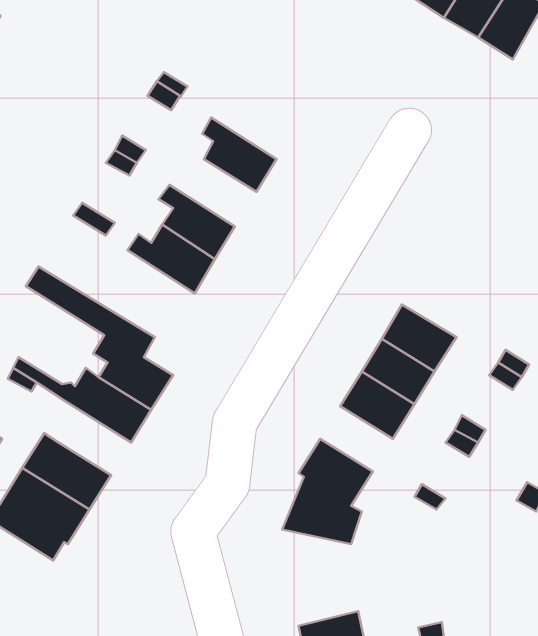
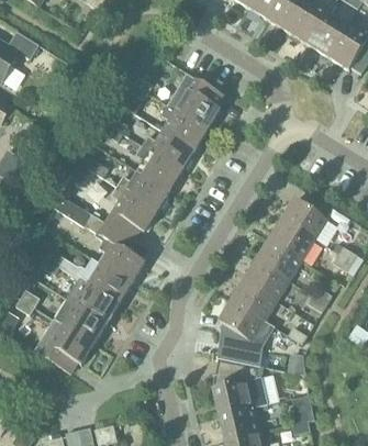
building: none -> [167,76,221,131]
building: none -> [142,131,194,171]
building: none -> [104,186,157,239]
building: none -> [282,198,327,238]
building: none -> [73,277,119,322]
building: none -> [233,280,277,320]
building: none -> [213,357,268,413]

